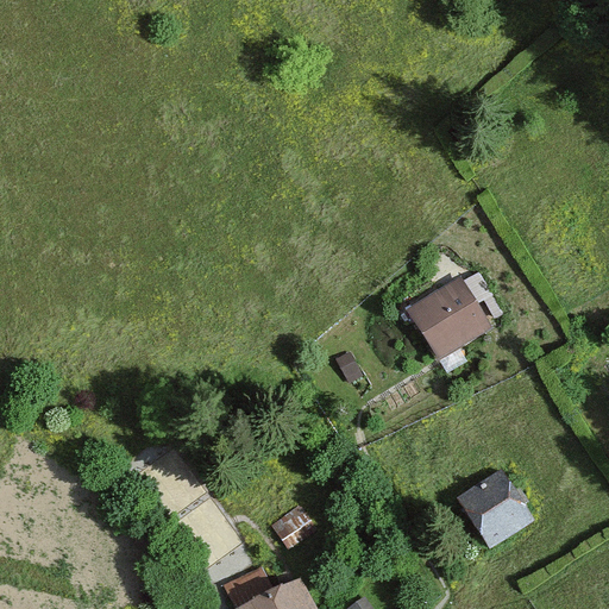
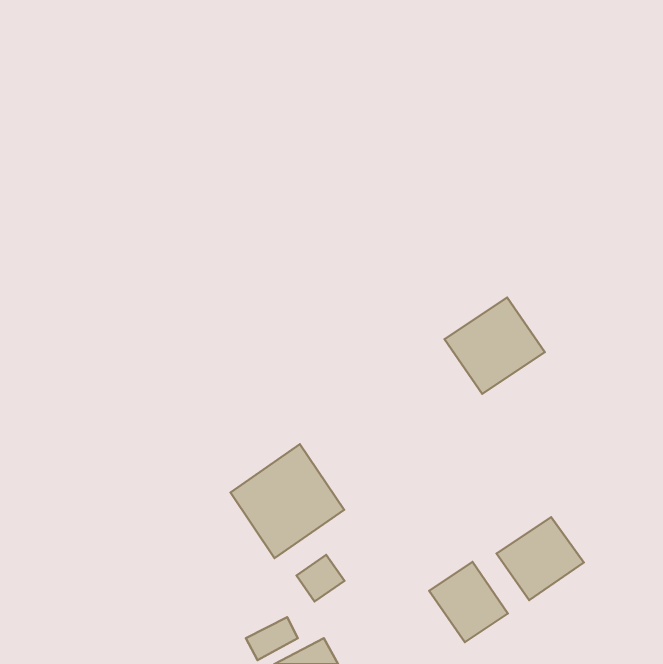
building: none -> [230,444,344,558]
building: none -> [429,562,508,642]

